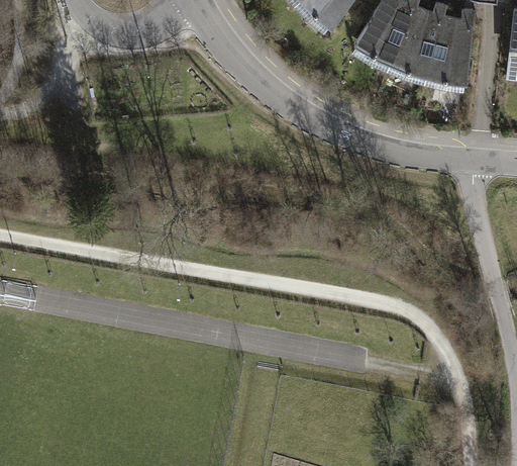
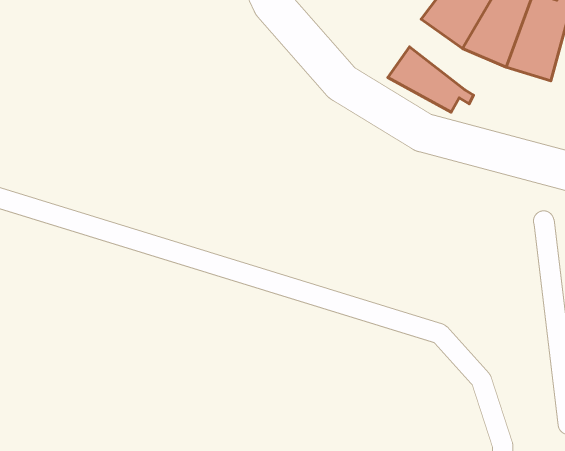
building: none -> [388,47,473,112]

